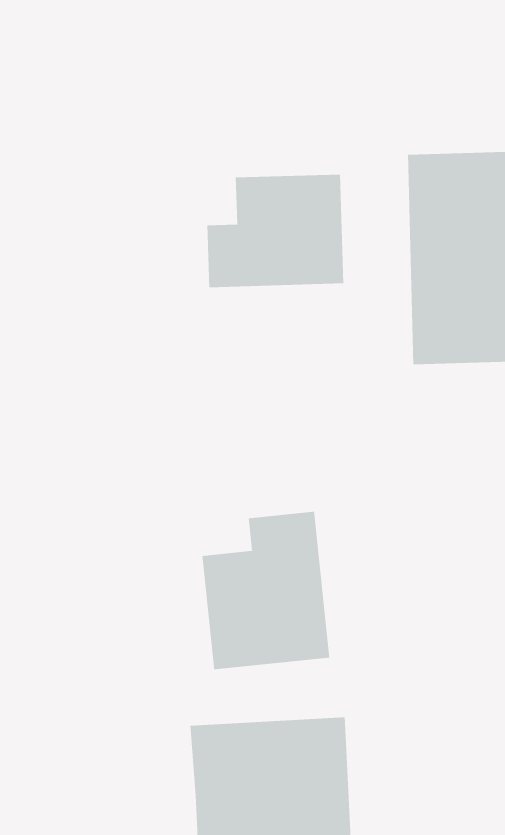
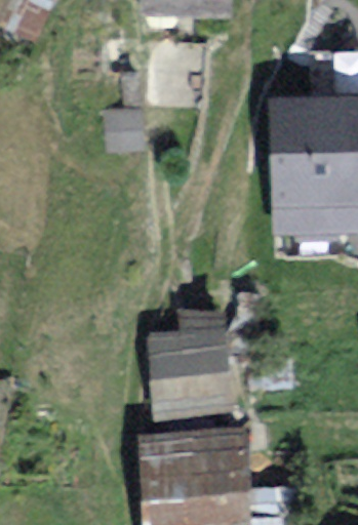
building: [206,174,344,288] -> none

